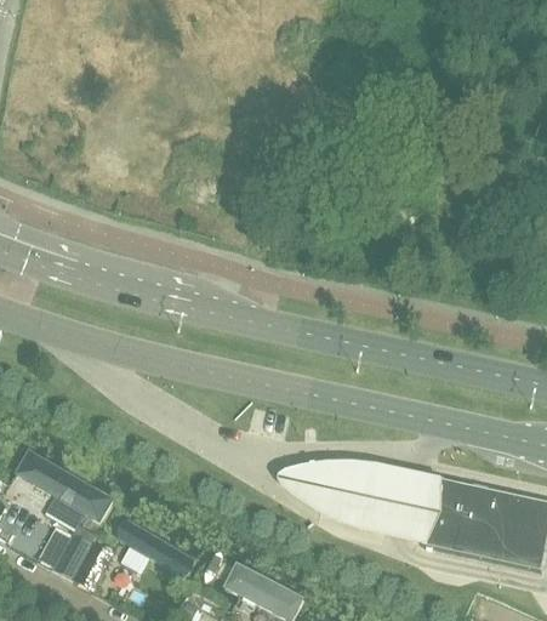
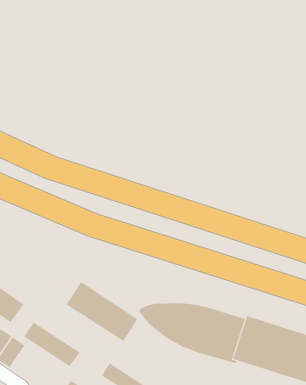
building: none -> [66,281,138,342]

